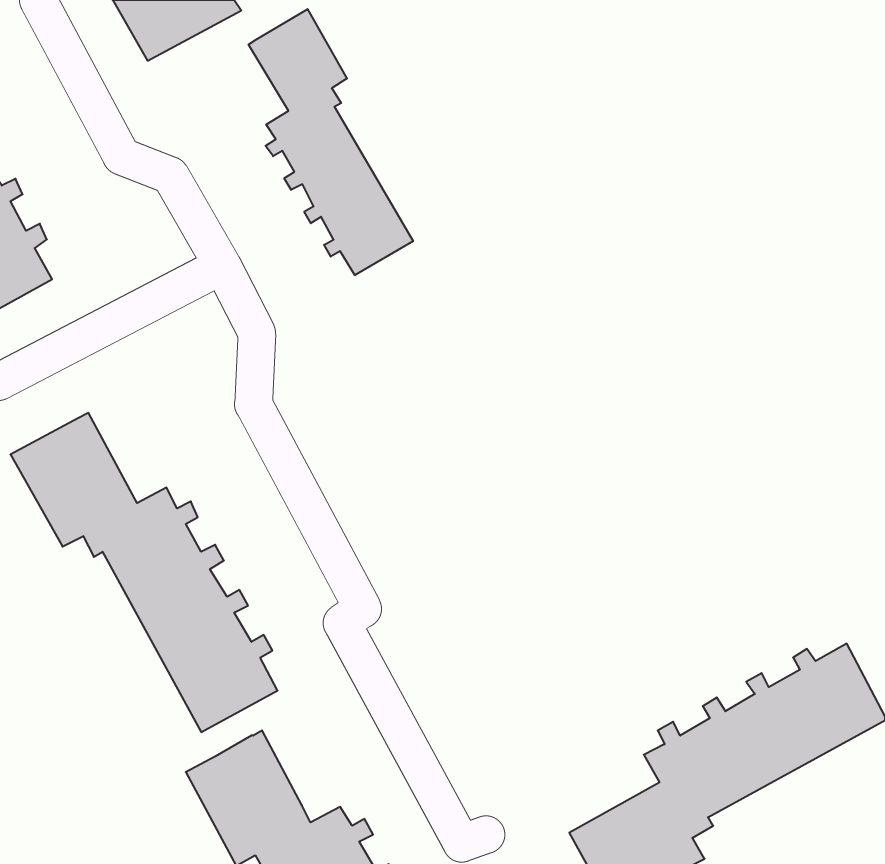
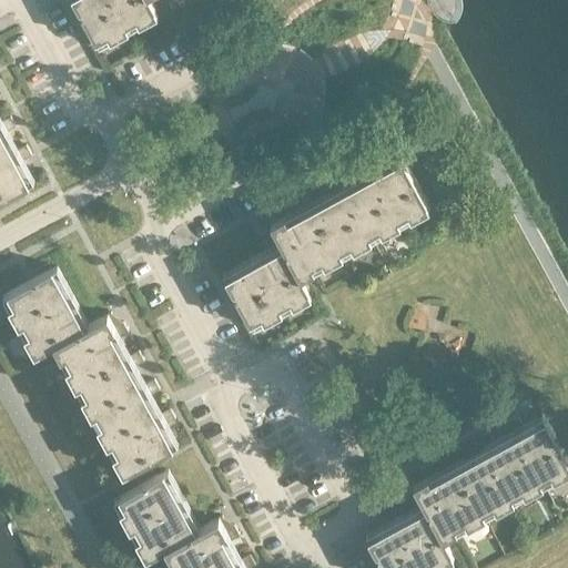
building: [249,9,413,275] -> none
building: none -> [222,165,426,335]

